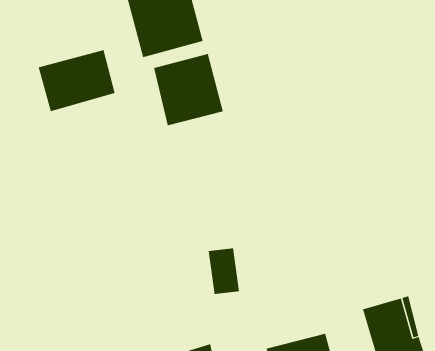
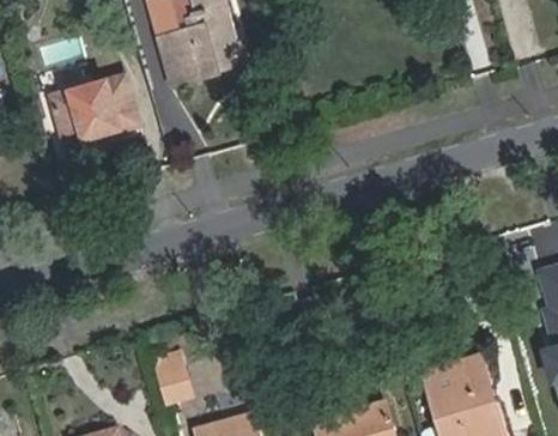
building: [154,53,224,126] -> none
building: [208,248,240,295] -> [156,349,193,402]

